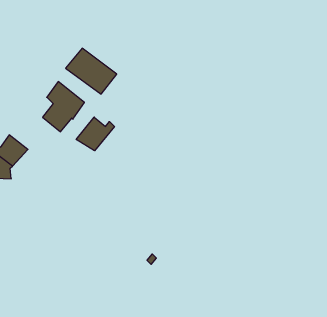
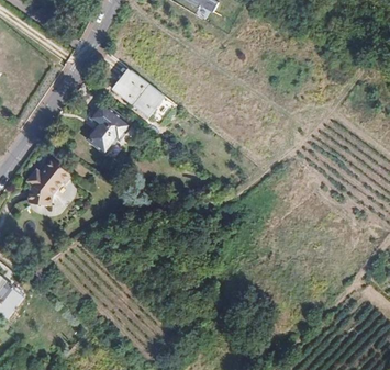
building: [76,117,114,151] -> none

